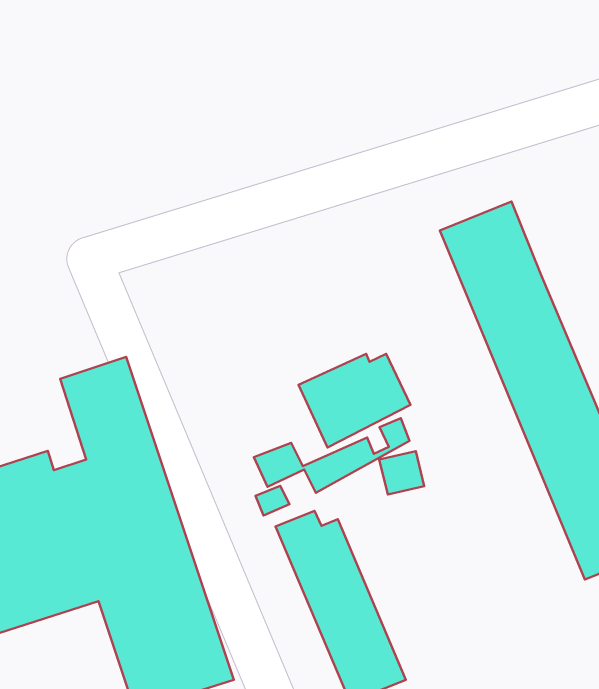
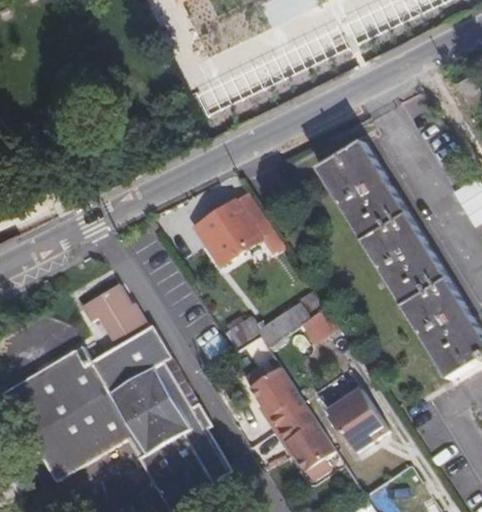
building: [299,354,411,448] -> [192,198,267,265]
building: none -> [315,368,390,453]

